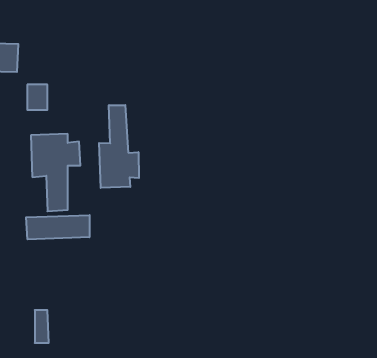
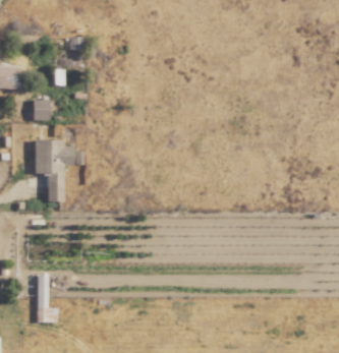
building: [99,105,139,188] -> none
building: [26,215,90,239] -> none

